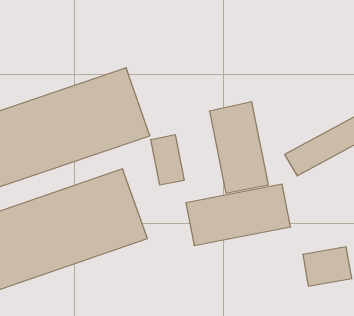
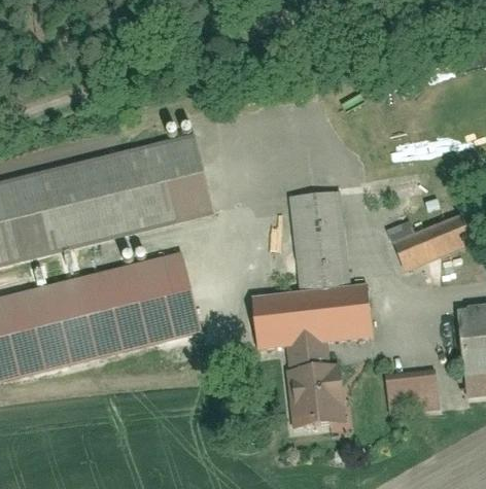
building: [151,135,184,185] -> none
building: none -> [285,342,345,427]

